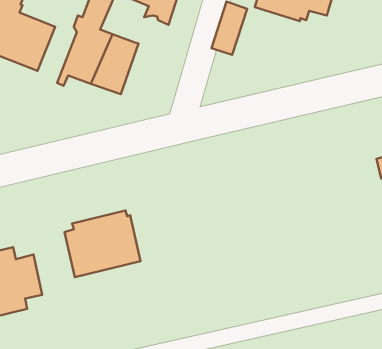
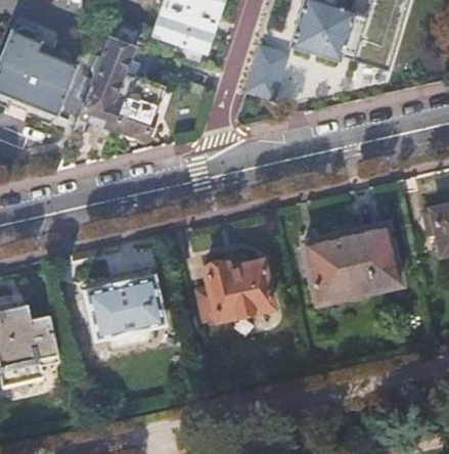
building: none -> [304,224,399,301]
building: none -> [198,262,272,319]

